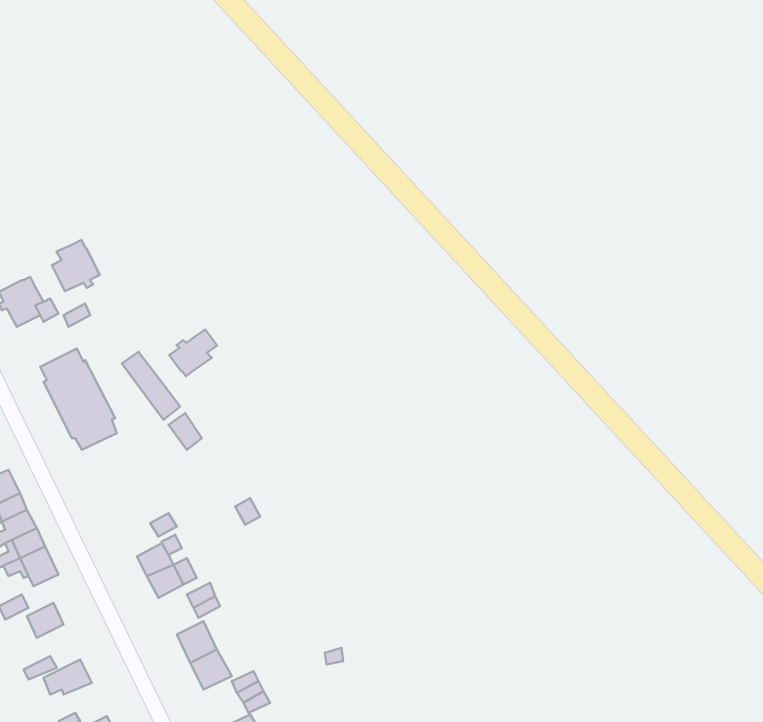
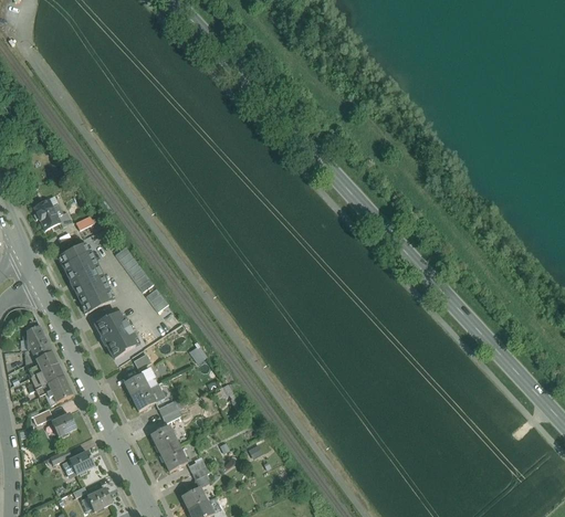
building: [52,240,100,291] -> none
building: [169,329,217,376] -> none
building: none -> [95,313,136,358]

